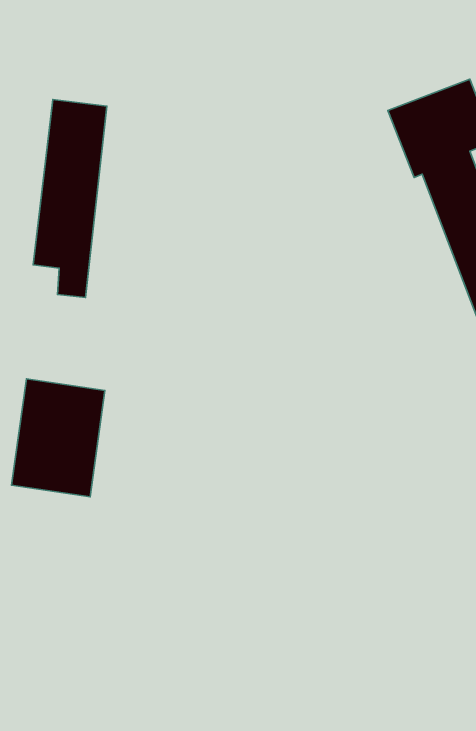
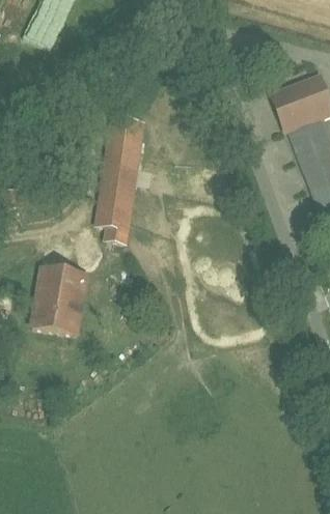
building: [33,100,107,298] -> [97,119,143,245]

